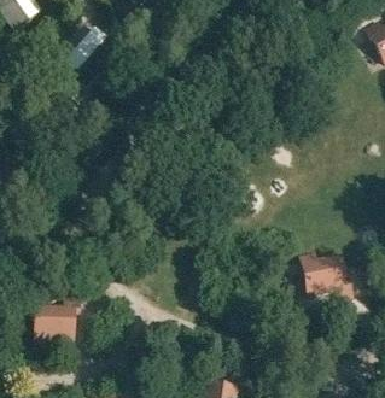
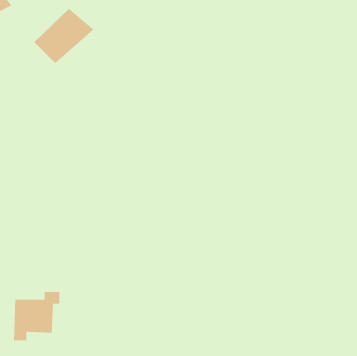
building: [301,248,351,293] -> none

